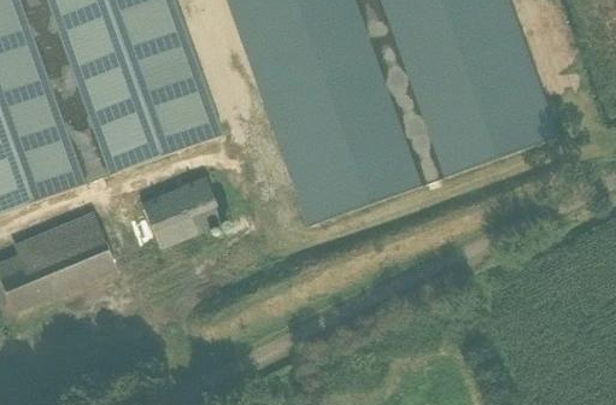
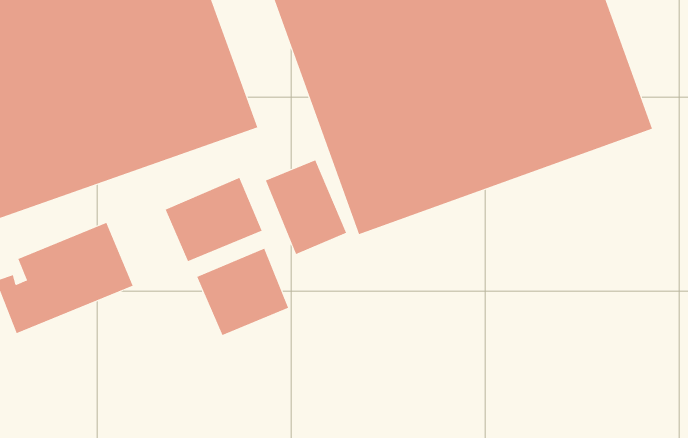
building: none -> [265,160,347,255]
building: none -> [197,248,289,336]

